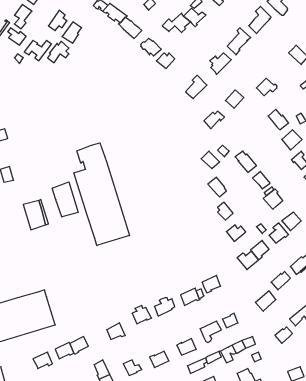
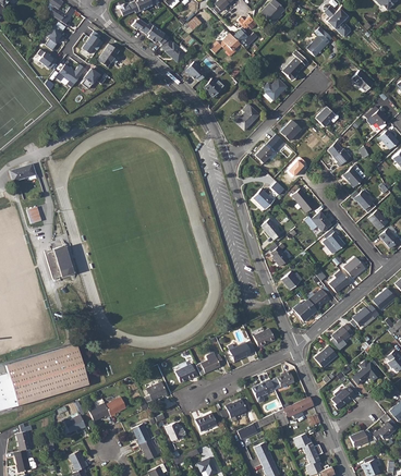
building: [74,143,129,246] -> none
building: [52,182,78,217] -> none

